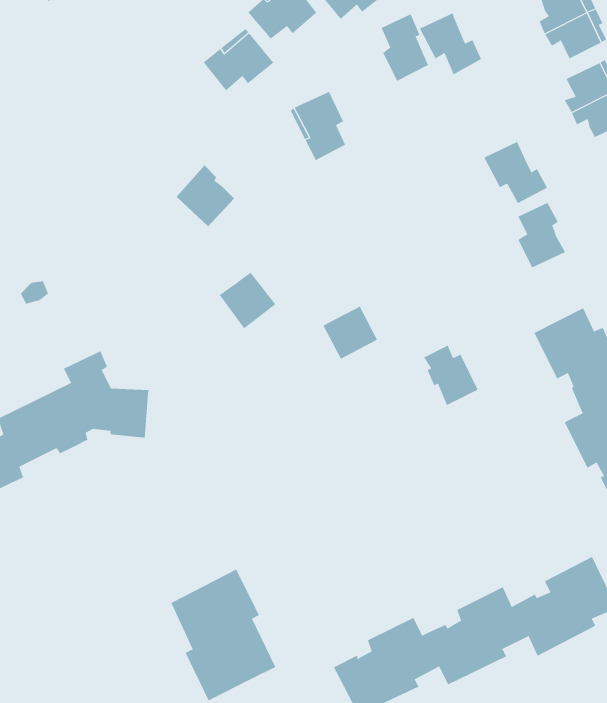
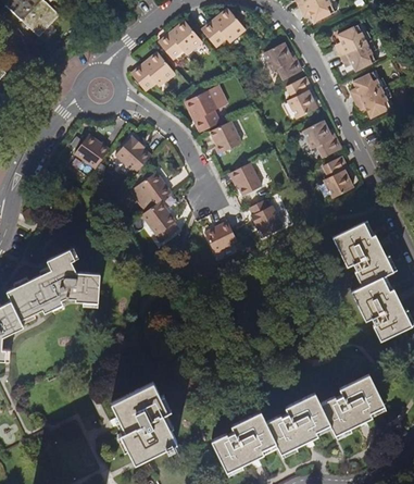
building: [381,13,429,81] -> [287,78,316,120]
building: none -> [210,122,242,156]
building: none -> [74,135,109,170]
building: none -> [226,160,259,193]
building: none -> [137,172,172,208]
building: [423,345,479,406] -> [247,198,280,235]

